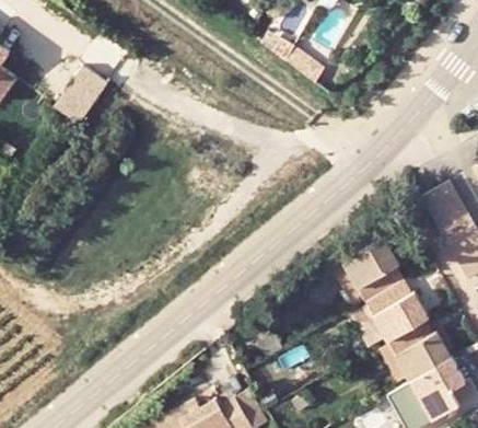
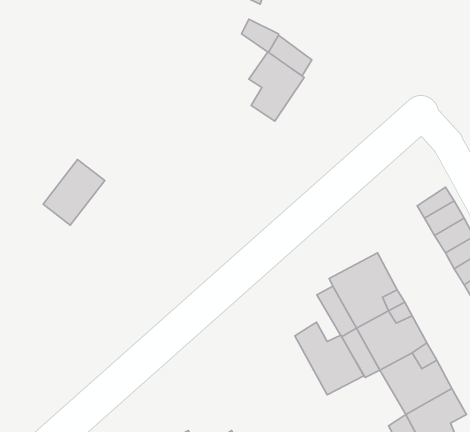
building: none -> [249,52,304,121]
building: [61,66,116,124] -> [43,160,105,225]
building: none -> [295,322,364,395]

